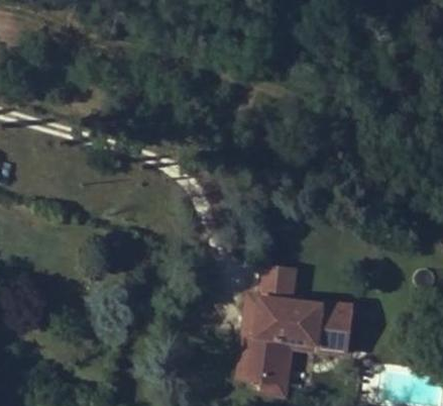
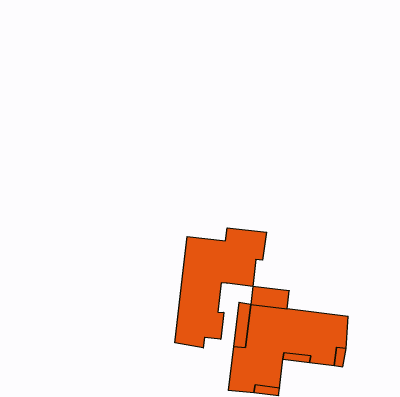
building: none -> [175,228,267,348]

